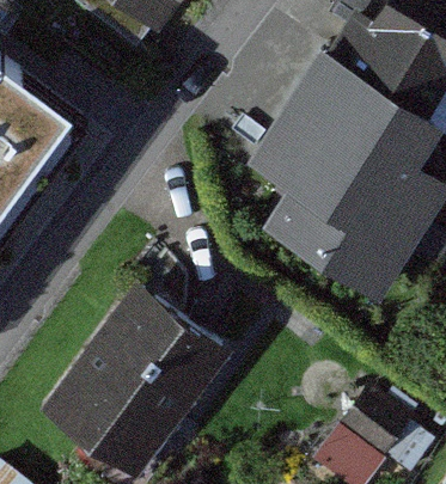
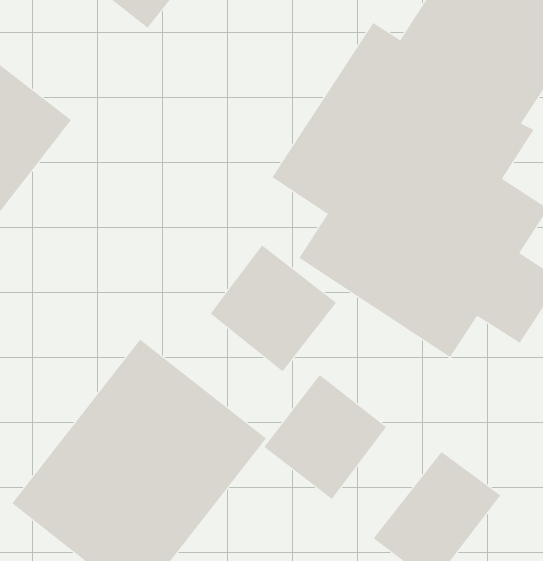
building: none -> [210,245,337,372]
building: none -> [264,374,387,500]

